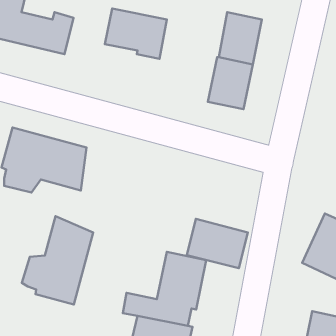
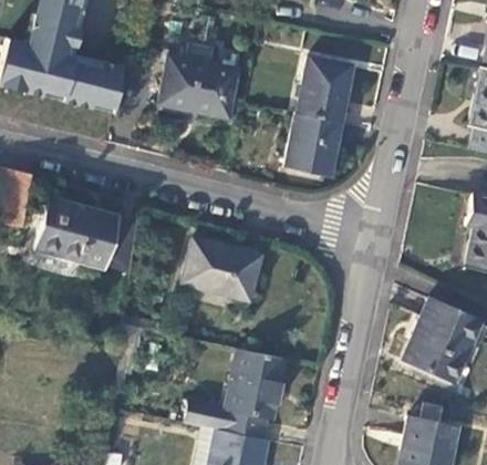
building: [22,216,93,305] -> none
building: [187,219,248,268] -> [184,239,258,299]

